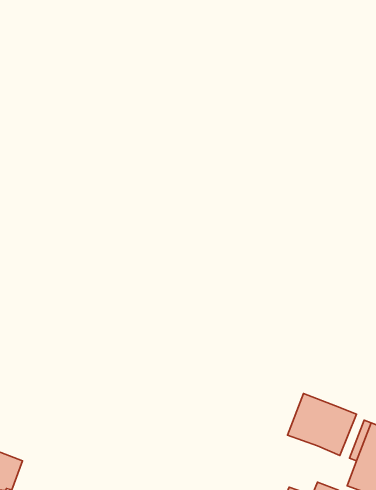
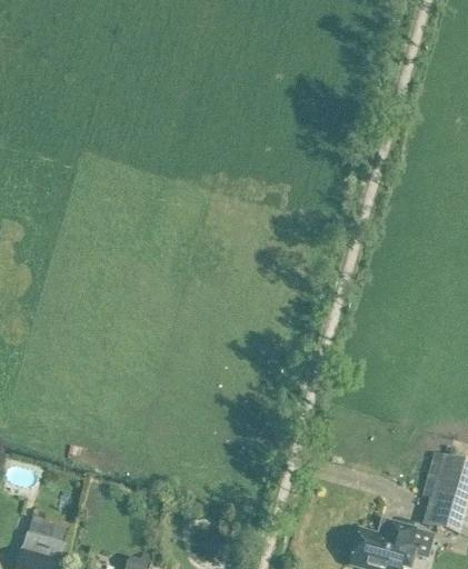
building: [287,393,357,455] -> none

